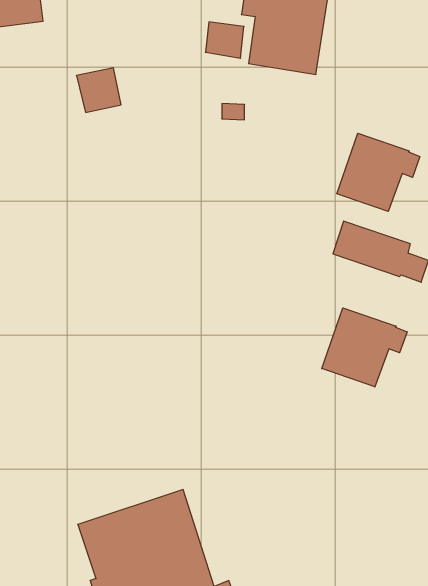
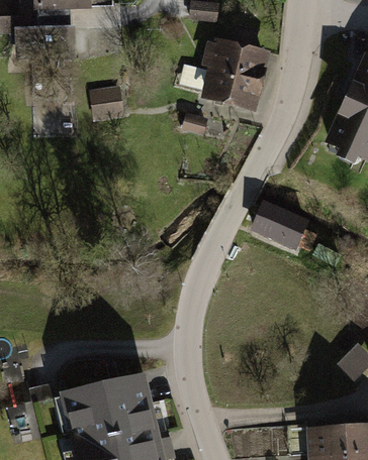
building: [337,133,420,211] -> none
building: [322,308,407,387] -> none

